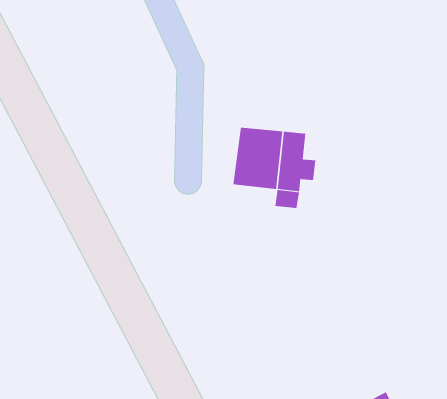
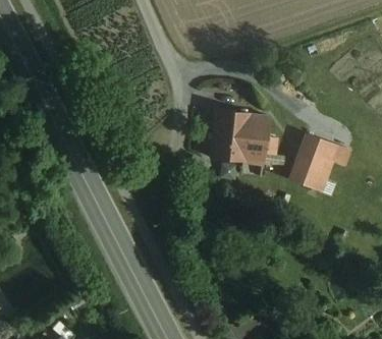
building: none -> [292,135,339,192]

